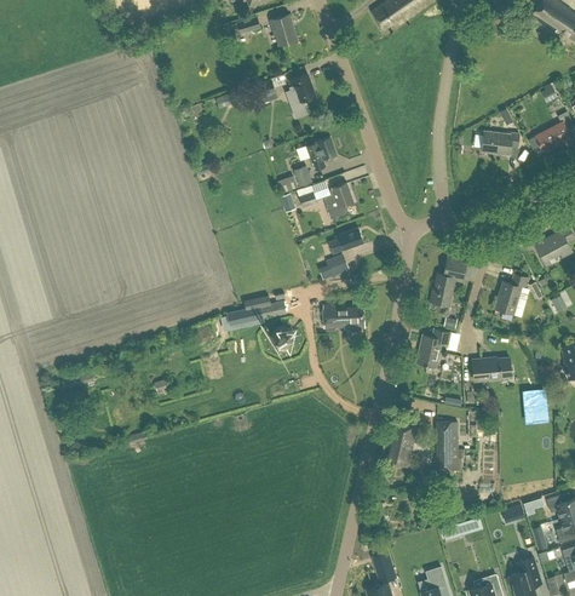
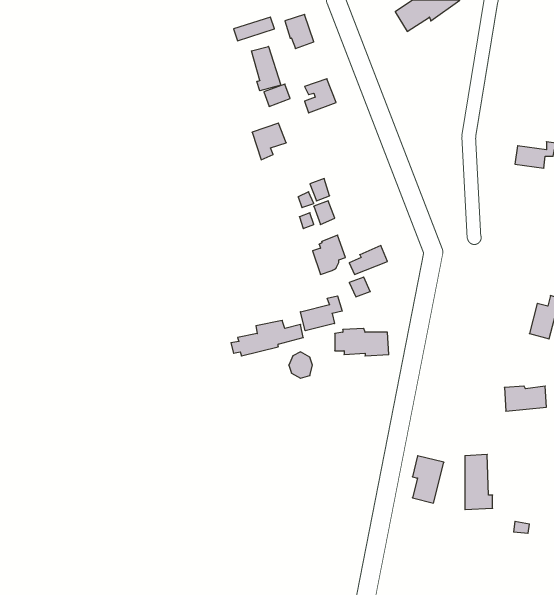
building: none -> [251,46,281,91]
building: [306,138,338,172] -> [252,123,286,160]
building: [323,183,353,219] -> [313,235,345,274]
building: [430,257,467,306] -> none
building: none -> [300,296,342,331]
building: [416,328,450,367] -> none

